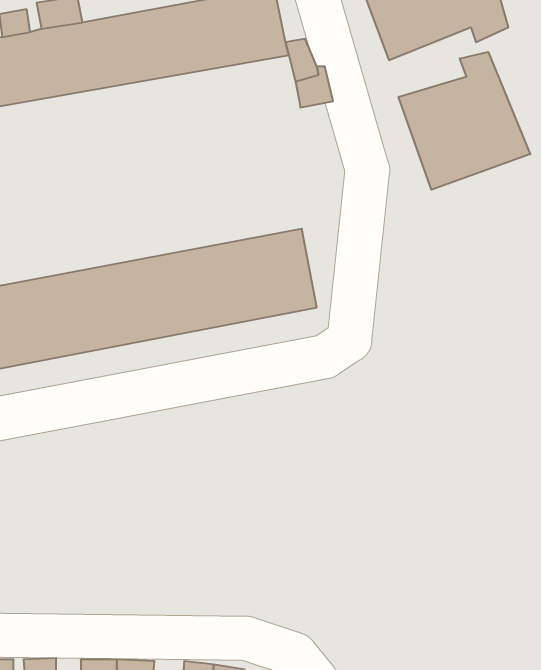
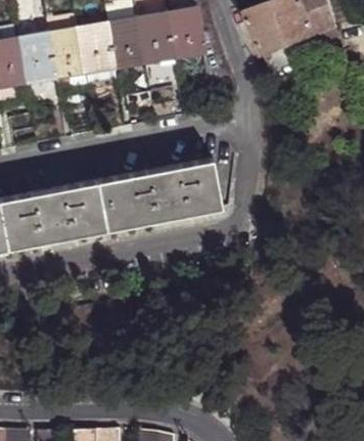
building: [399,52,530,190] -> none

